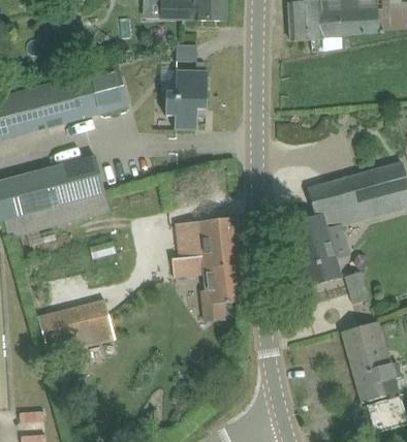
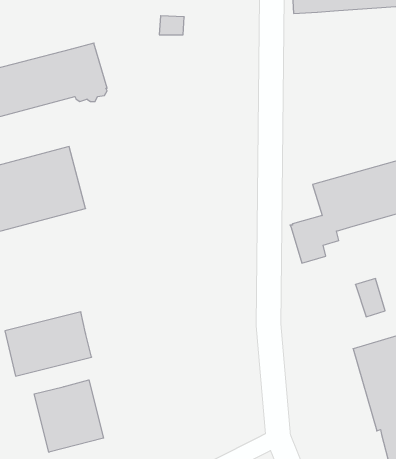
building: [164,68,207,129] -> none
building: [170,217,246,322] -> none
building: [296,236,341,286] -> none
building: none -> [34,380,104,452]

